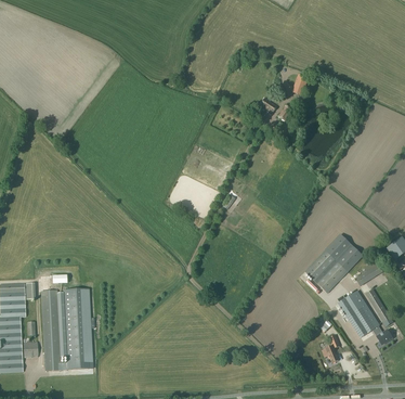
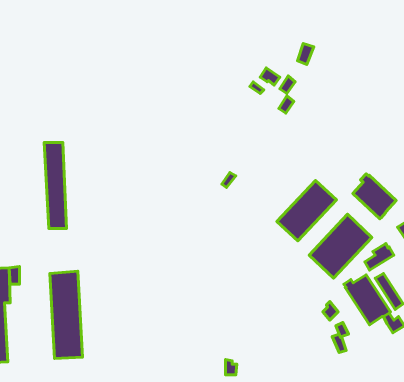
building: none -> [353,174,396,219]
building: none -> [277,180,337,241]
building: [41,291,62,371] -> [44,143,66,229]

